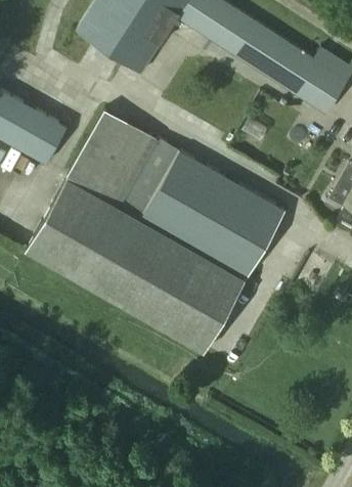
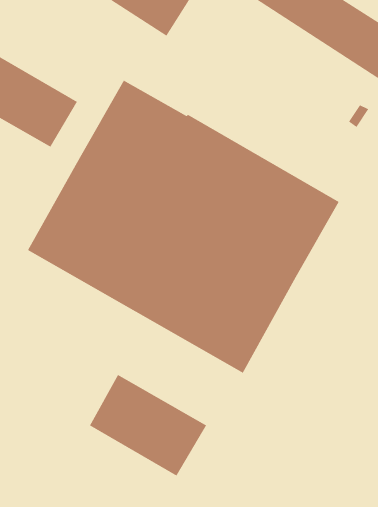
building: none -> [89,374,207,476]

